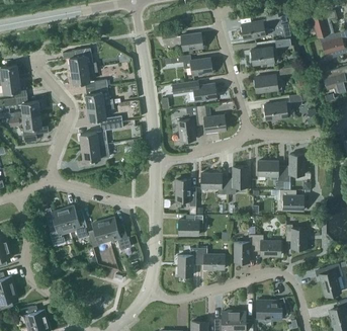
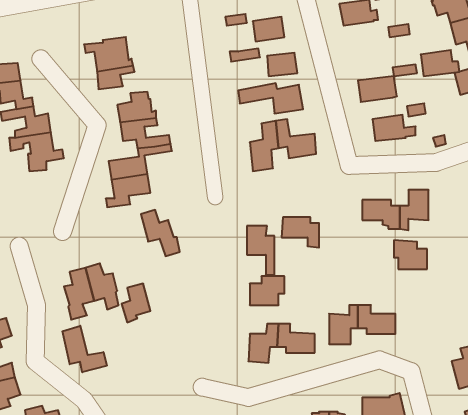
building: [251,48,278,66] -> [421,50,460,76]
building: [227,167,247,195] -> none
building: [103,218,131,250] -> [141,210,180,256]
building: [285,225,306,249] -> none
building: none -> [62,326,107,372]

